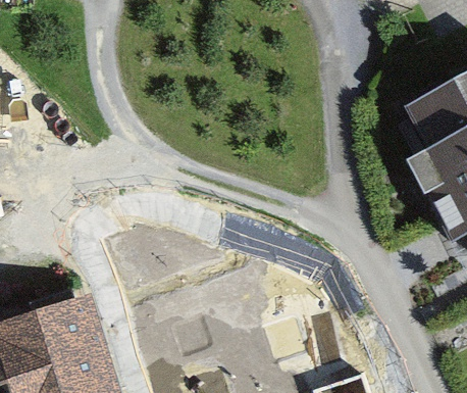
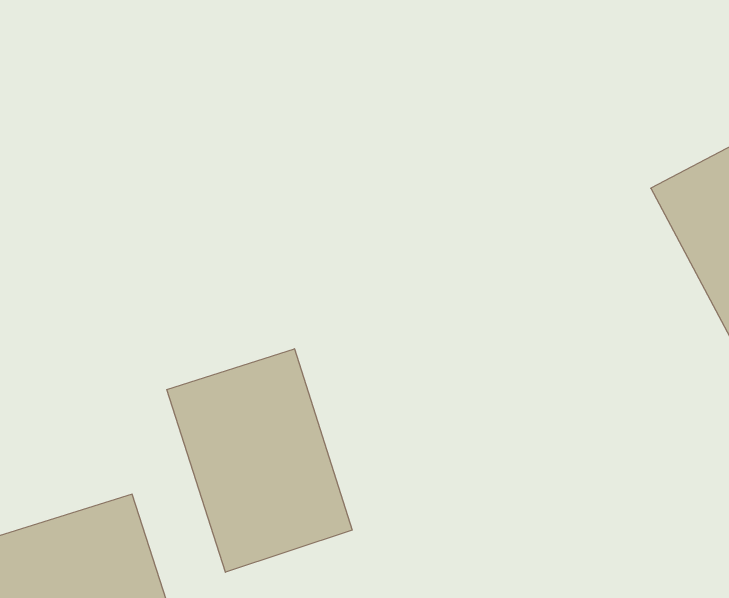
building: none -> [167,349,352,572]

